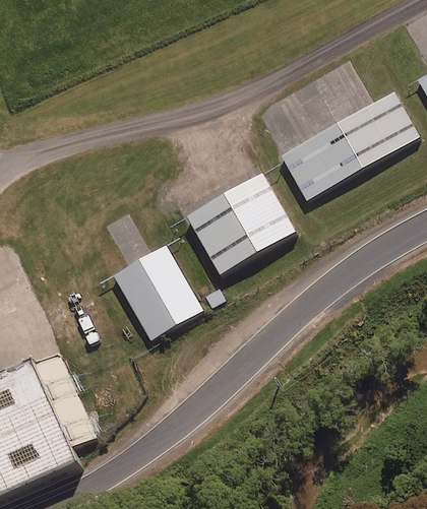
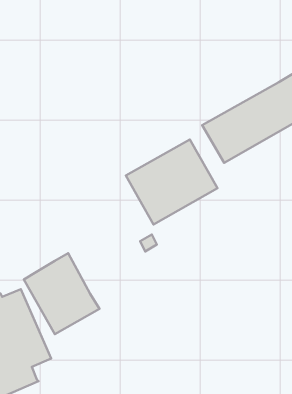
building: [112,243,203,340] -> [24,253,99,334]

